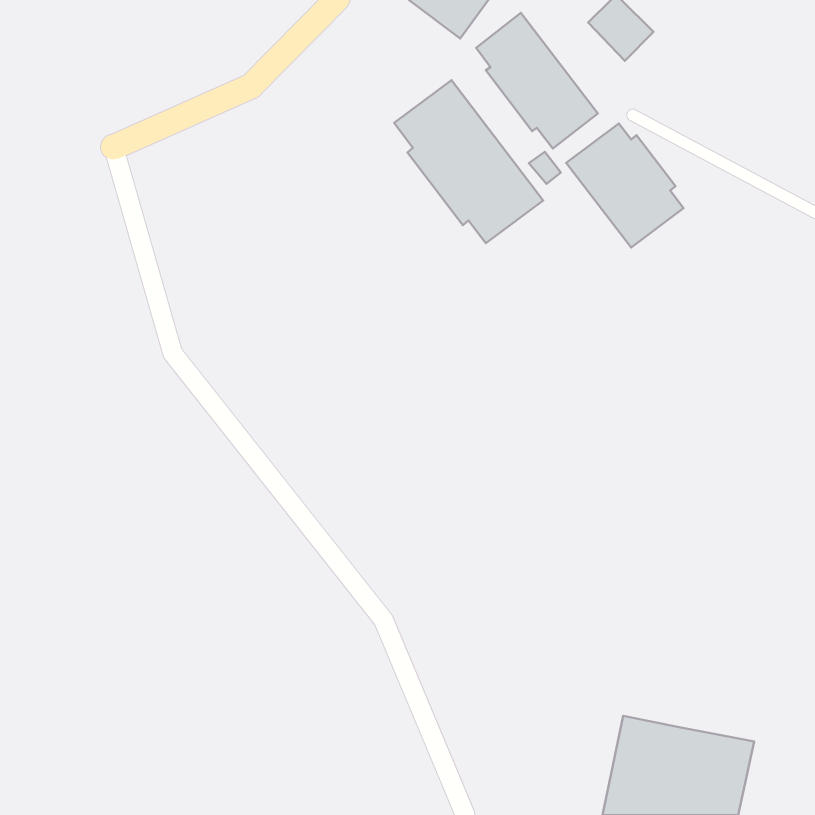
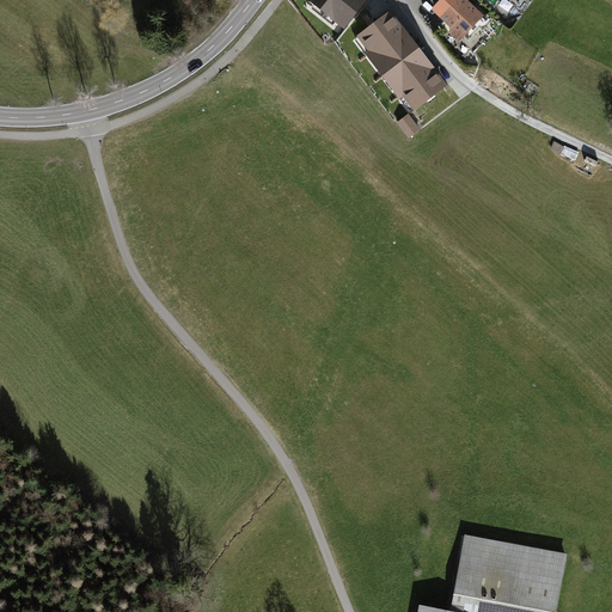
building: [394,80,543,243] -> none
building: [566,123,684,247] -> none

